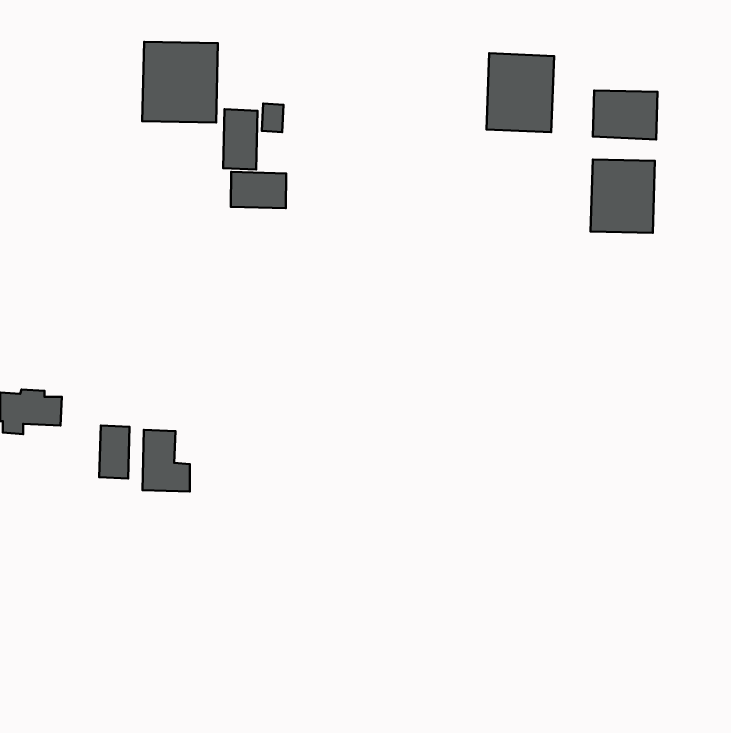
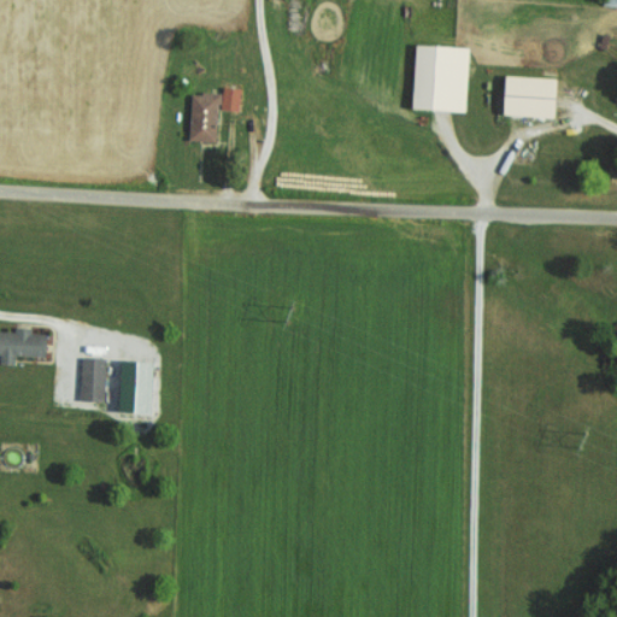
building: [142,42,218,123] -> none
building: [591,159,655,233] -> none
building: [231,172,286,208] -> none

